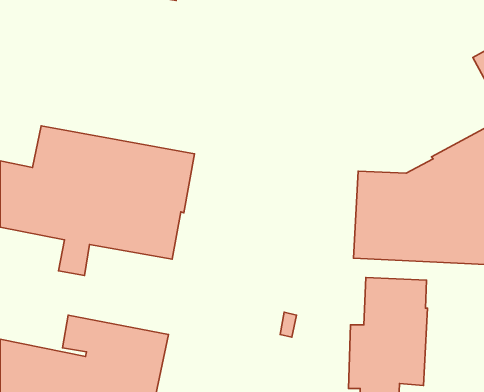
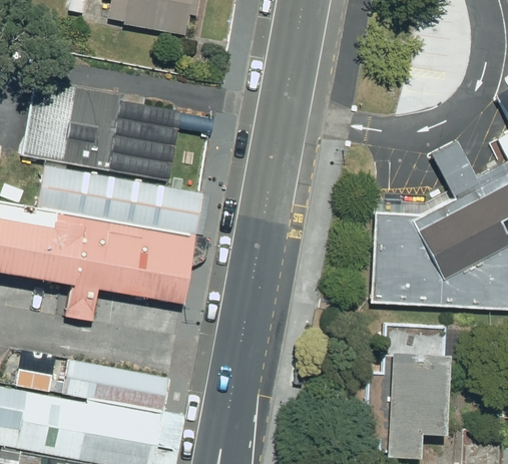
building: none -> [24,79,181,180]

